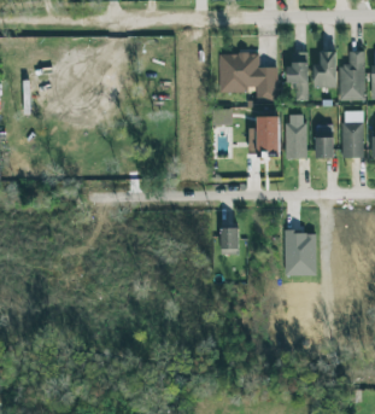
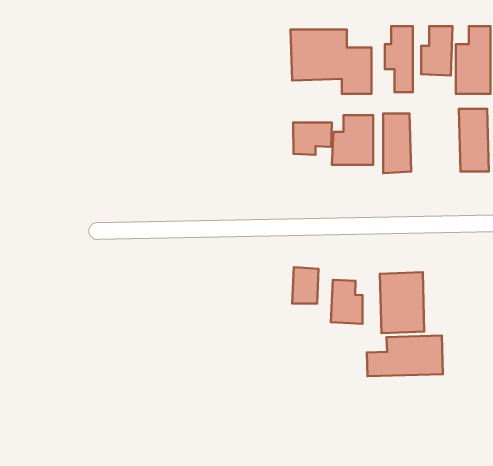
building: none -> [293,123,332,155]
building: [315,124,334,157] -> none
building: none -> [331,280,363,324]
building: none -> [367,336,443,376]

